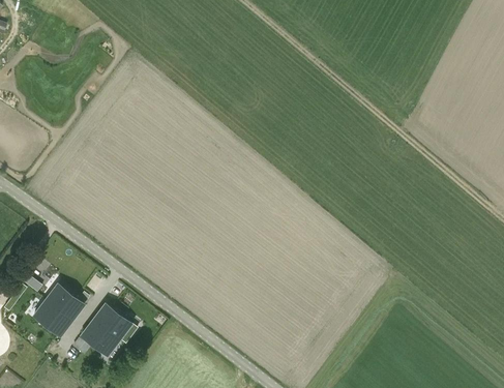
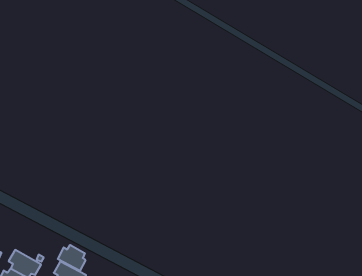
building: none -> [58,245,85,271]

